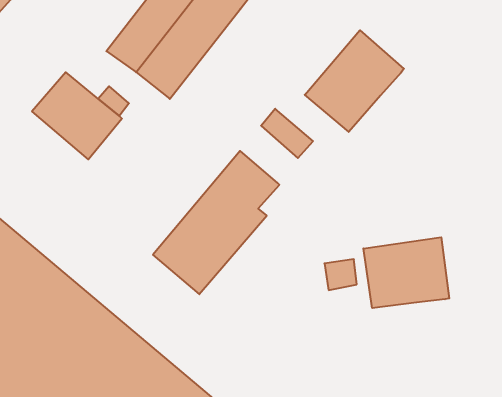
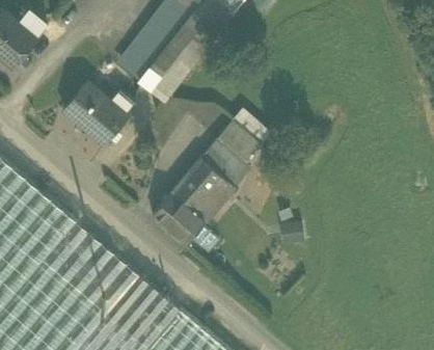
building: [305,30,404,132] -> none
building: none -> [215,122,257,164]
building: [363,237,449,308] -> none

